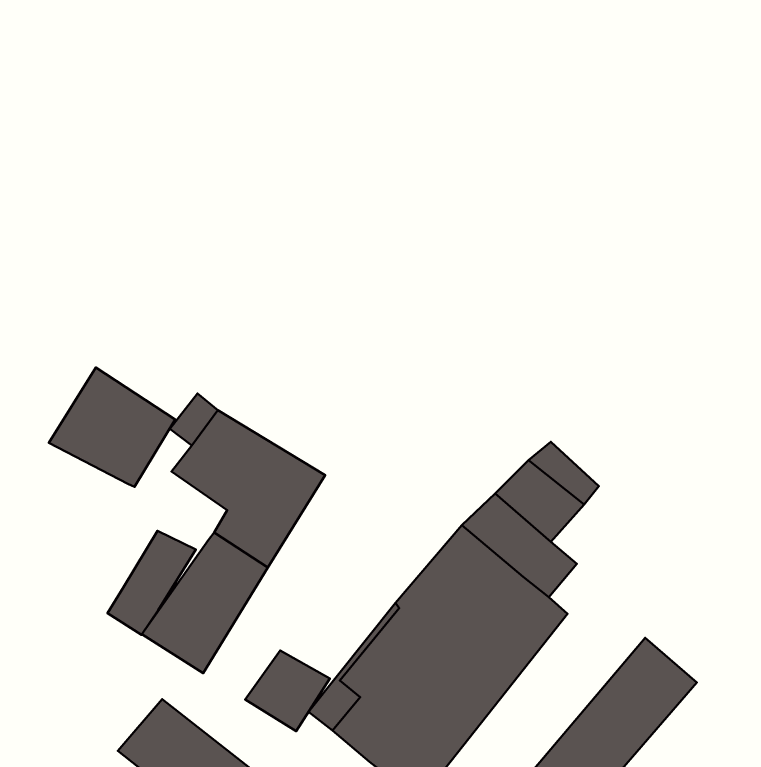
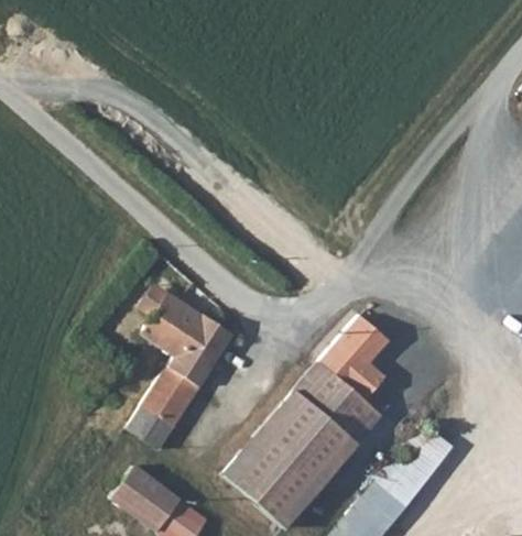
building: [49,367,175,487] -> none
building: [108,531,196,635] -> none
building: [245,650,330,731] -> none

